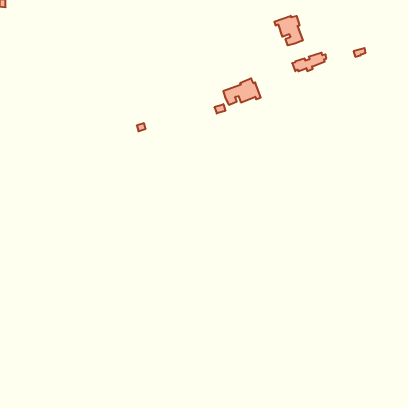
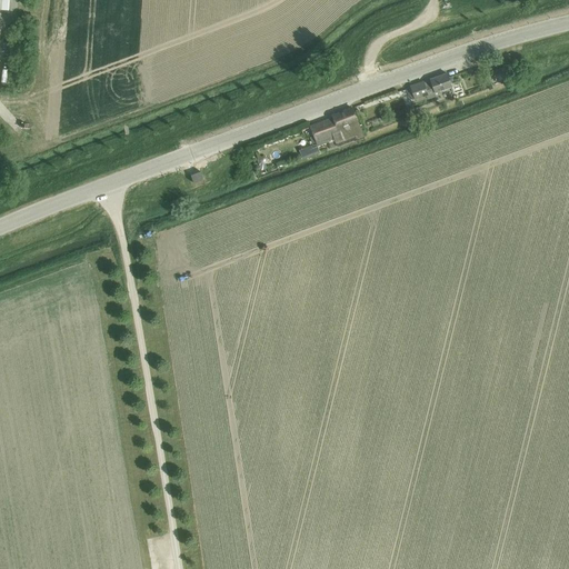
building: [274,16,303,45] -> none

